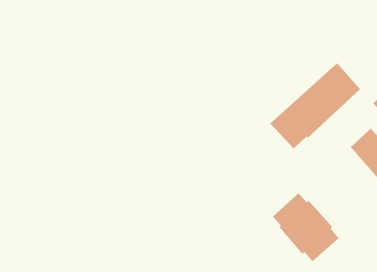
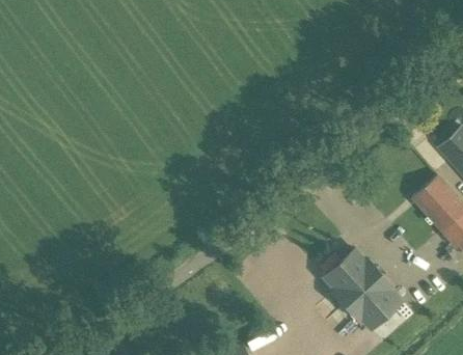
building: [270,63,361,149] -> none

